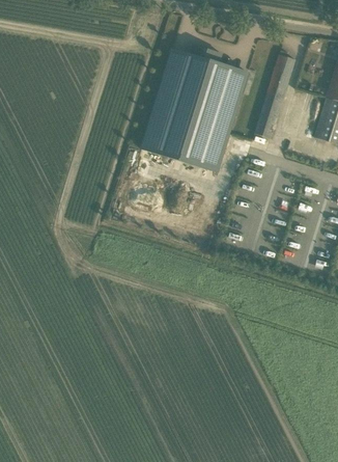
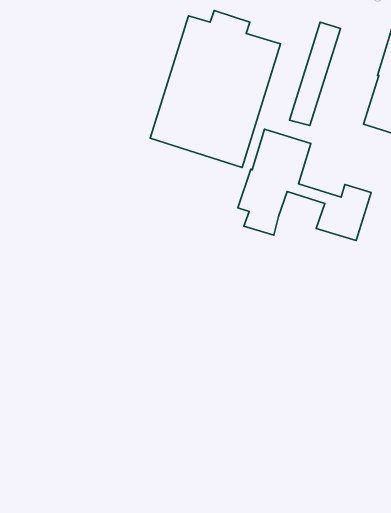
building: none -> [238,129,371,240]

